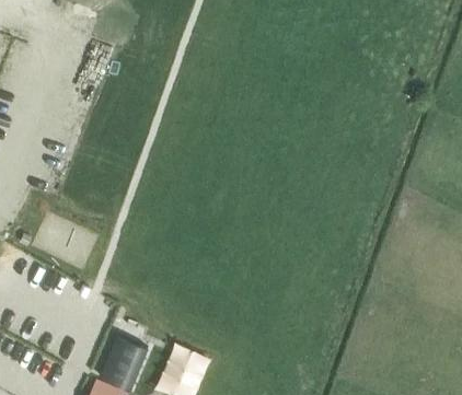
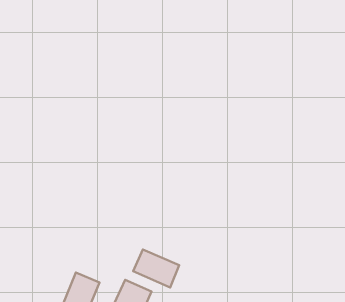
building: none -> [133,250,179,287]

